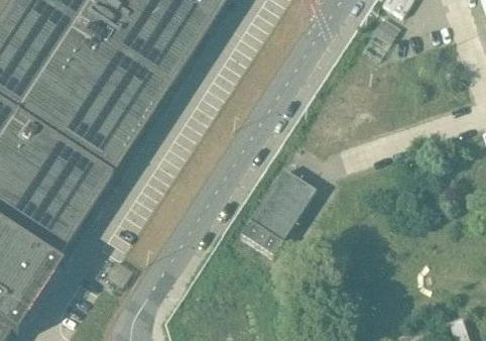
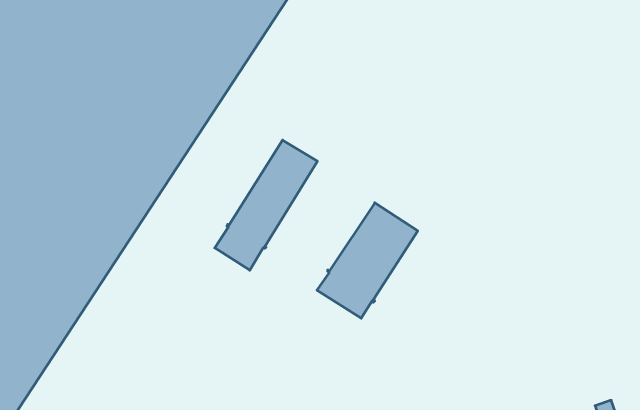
building: none -> [215,140,317,270]

